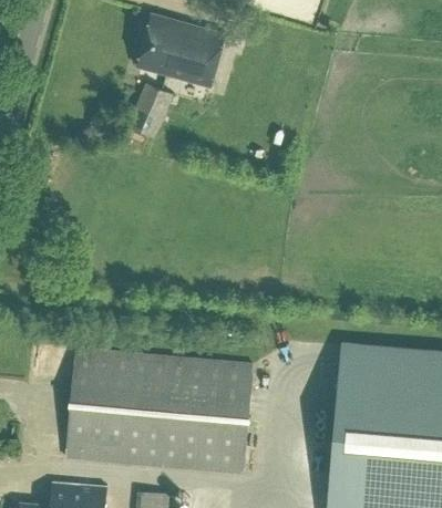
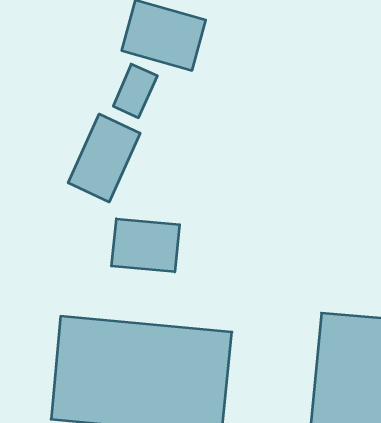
building: none -> [68,114,140,202]
building: none -> [111,219,180,272]

